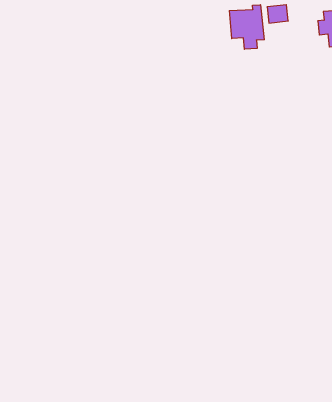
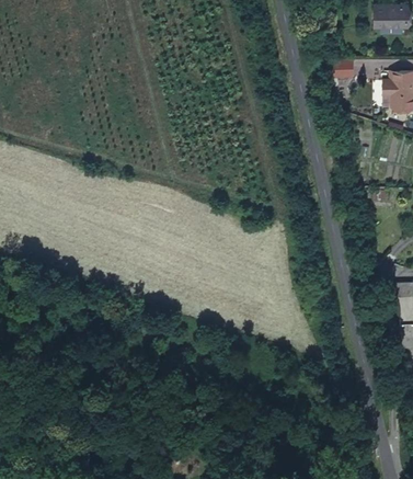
building: [229,5,264,49] -> none

